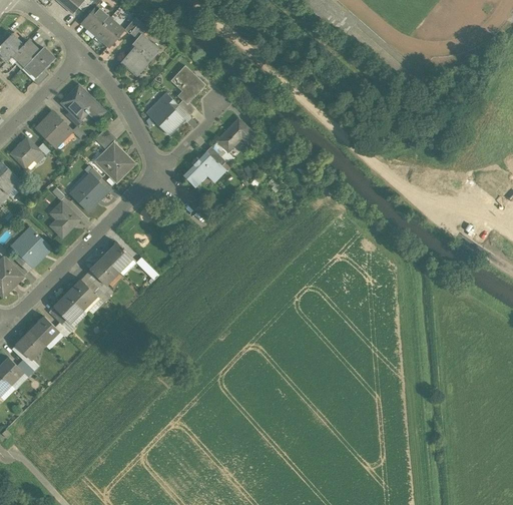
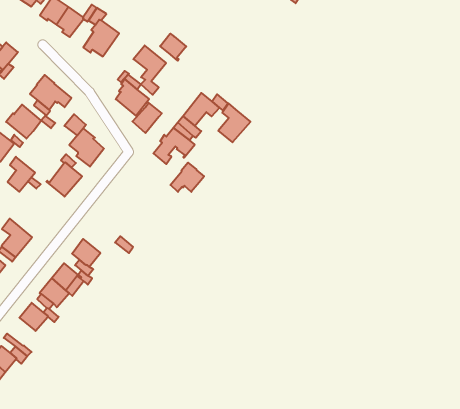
building: none -> [160,34,186,61]
building: none -> [132,103,162,133]
building: none -> [218,104,250,142]
building: none -> [170,163,204,192]
building: [50,200,79,236] -> [8,157,35,192]
building: [103,241,132,272] -> none
building: [15,330,44,359] -> none

